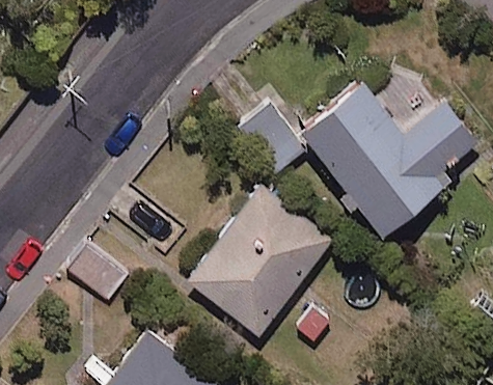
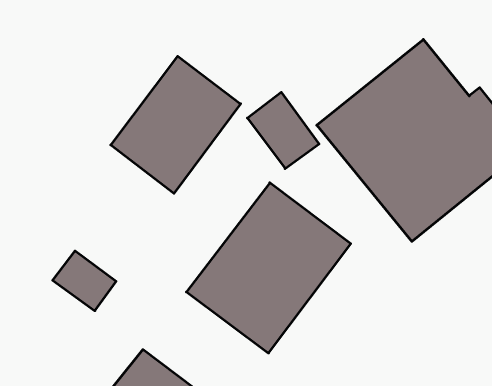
building: none -> [111,56,241,193]

